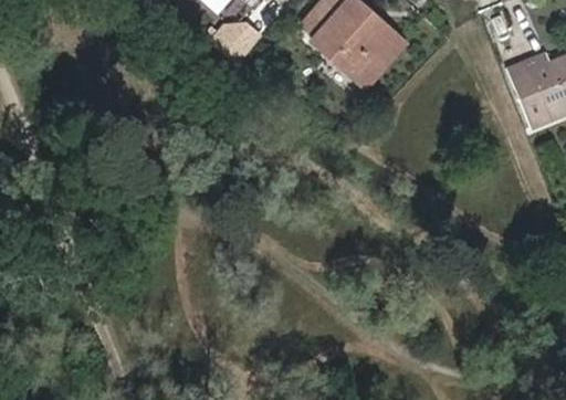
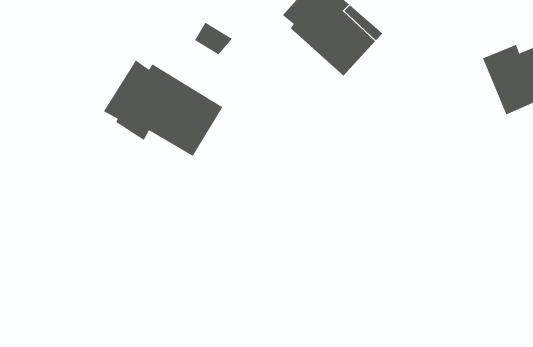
building: none -> [103,60,223,157]

